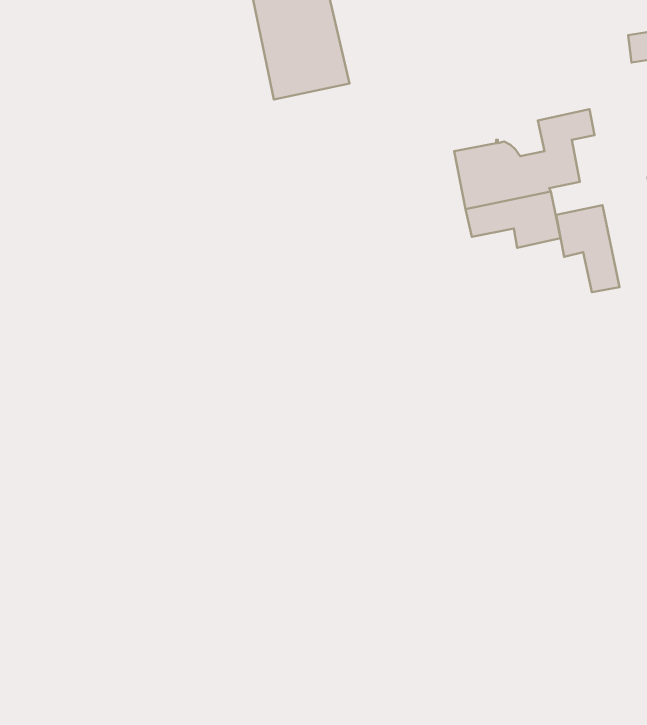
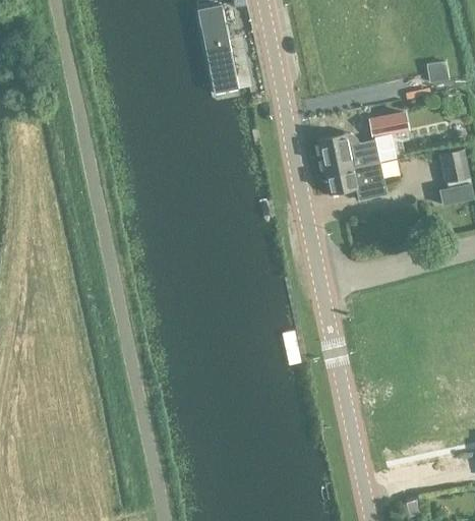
building: [556,205,620,292] -> none

